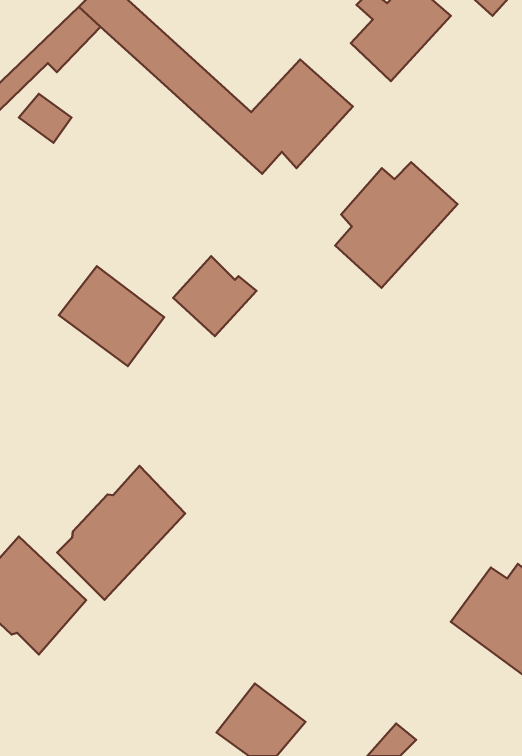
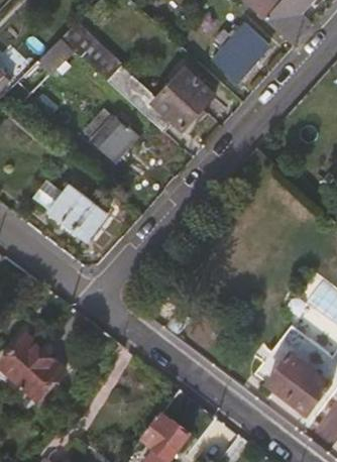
building: [335,162,458,288] -> none
building: [173,256,257,336] -> [93,116,139,160]
building: [57,466,185,600] -> none

